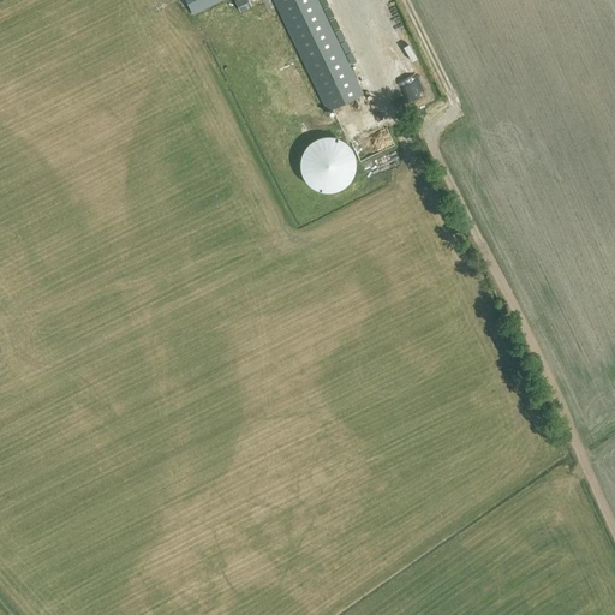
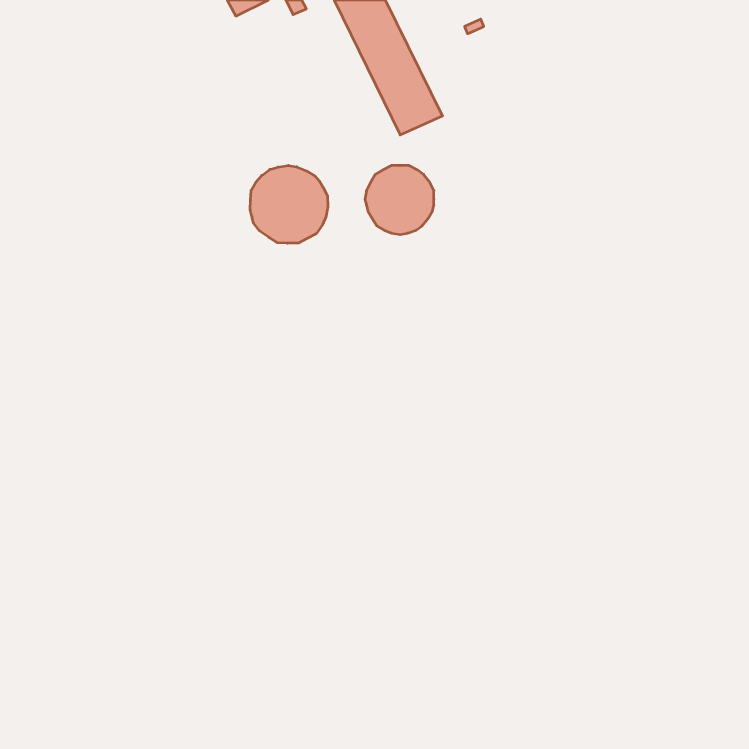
building: none -> [250,165,328,243]

